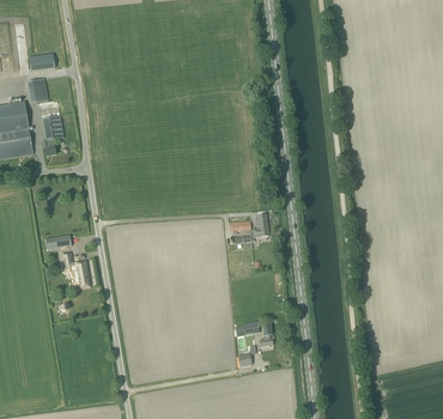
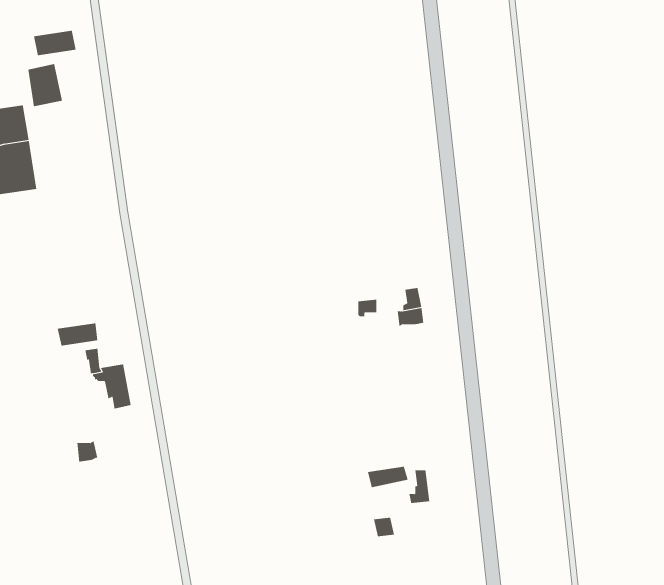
building: [42,114,63,156] -> none

